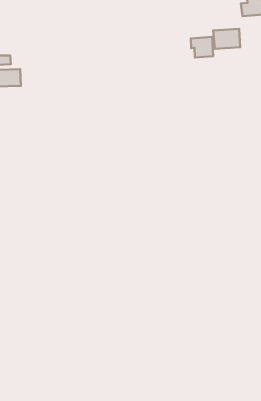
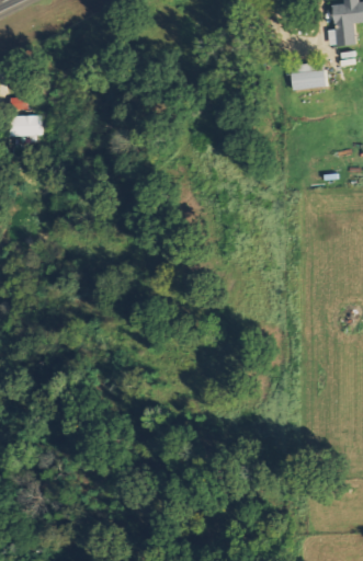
building: [191,37,213,57] -> none

